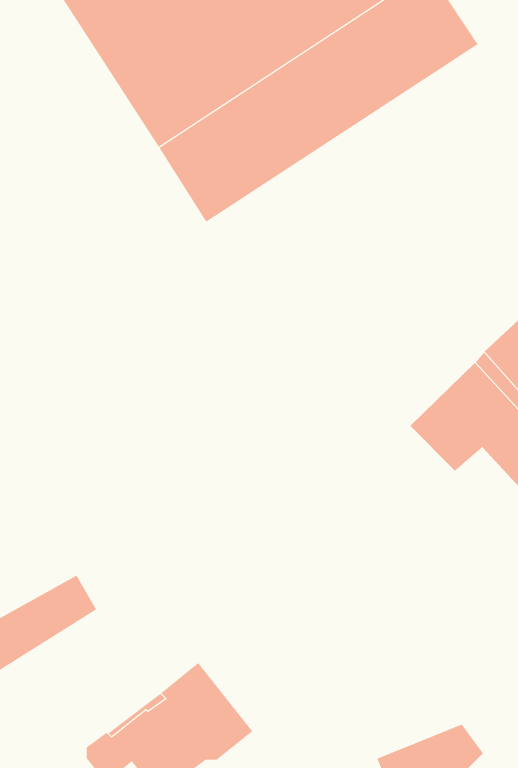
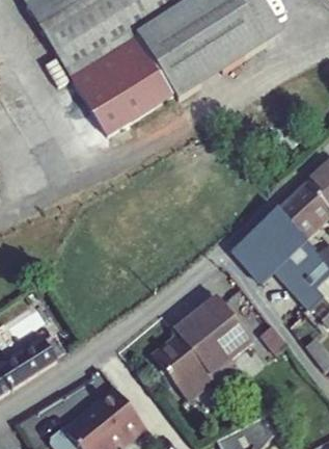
building: none -> [154,297,252,399]

